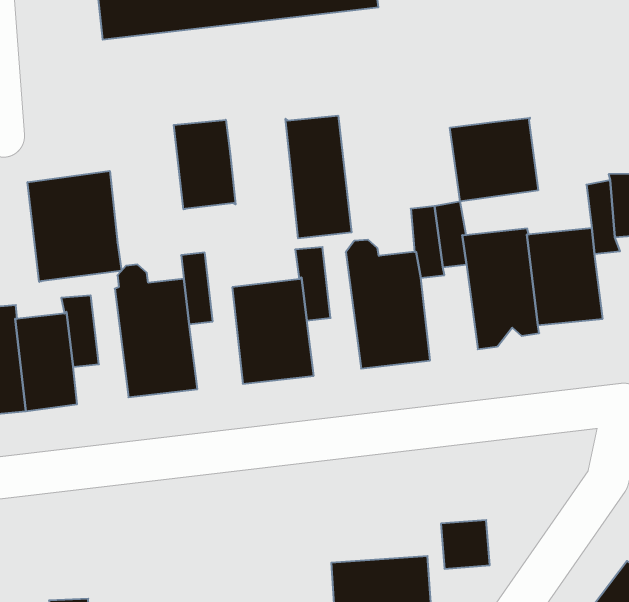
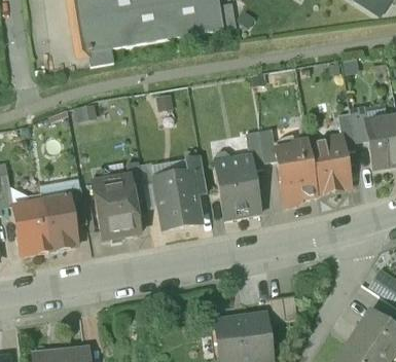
building: [286,116,352,238] -> none
building: [450,118,538,202] -> none
building: [174,120,236,209] -> none
building: [28,171,121,282] -> none

